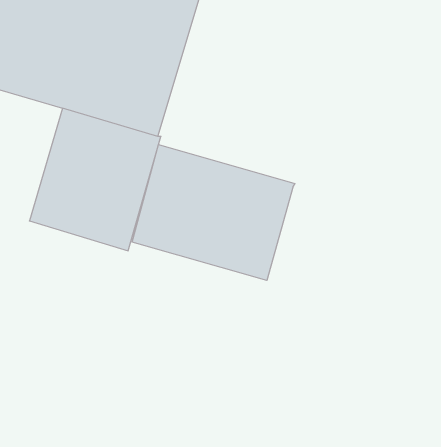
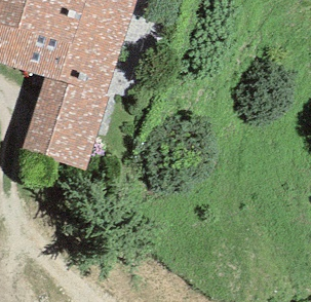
building: [132,144,295,280] -> none

